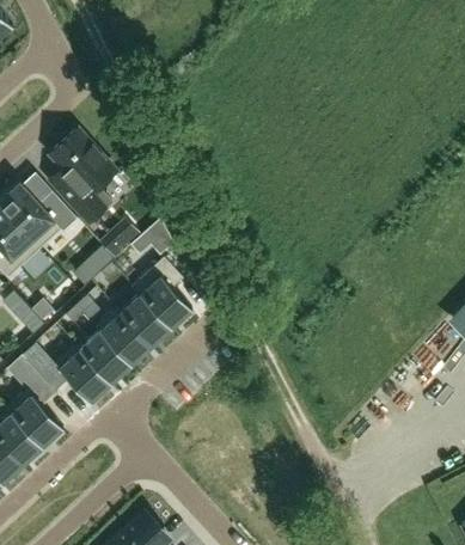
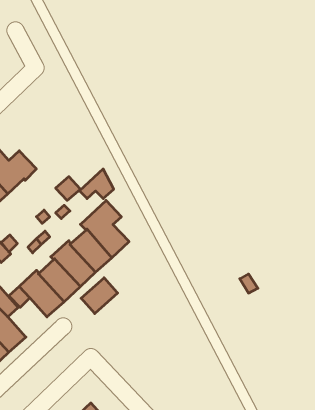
building: [49,129,116,223] -> none
building: none -> [81,278,118,314]

